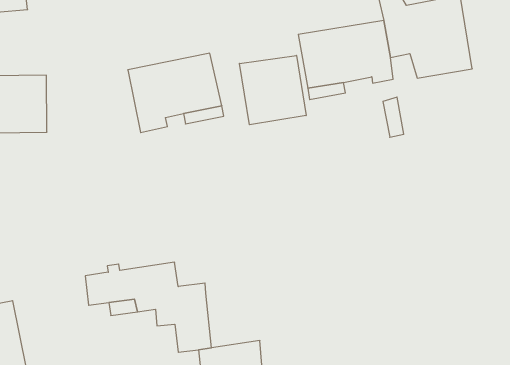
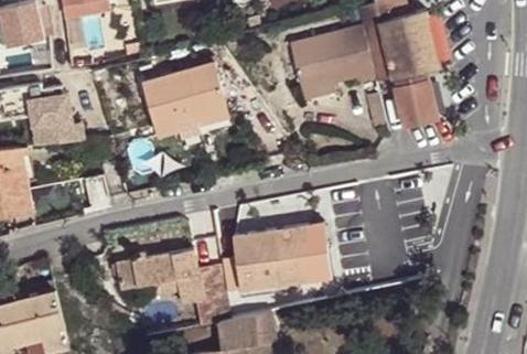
building: [239,55,306,125] -> none
building: none -> [392,75,442,126]
building: none -> [217,224,332,290]

